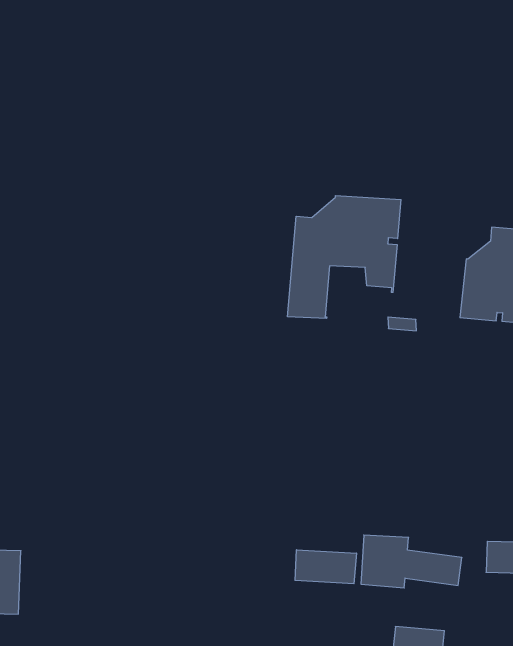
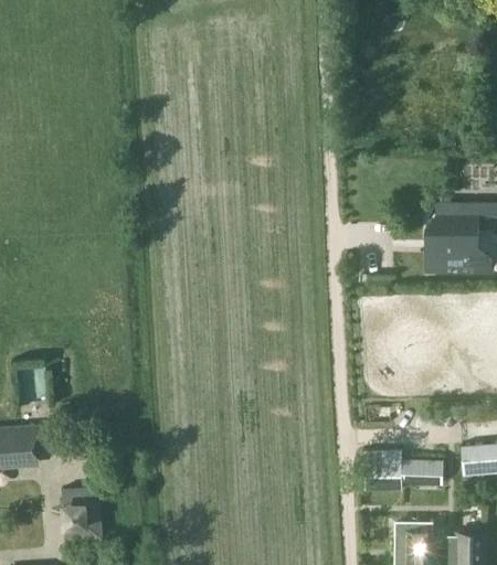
building: [288,196,401,318] -> none
building: [295,550,356,584] -> none

